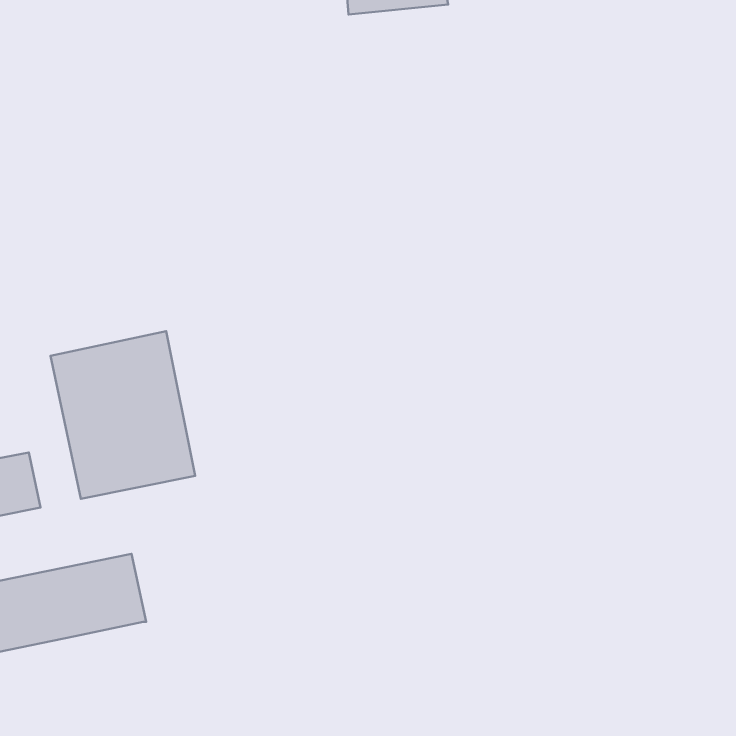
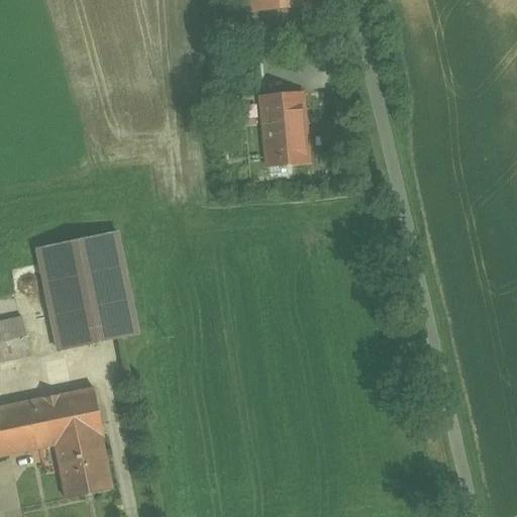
building: none -> [260,93,307,164]
building: none -> [53,434,111,498]

